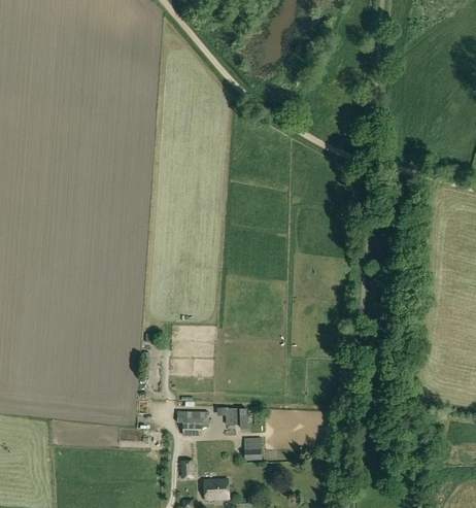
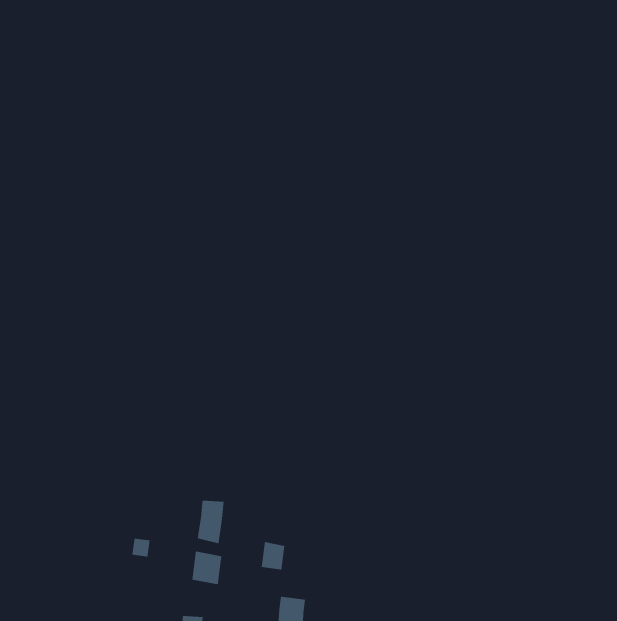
building: none -> [197,500,224,544]

